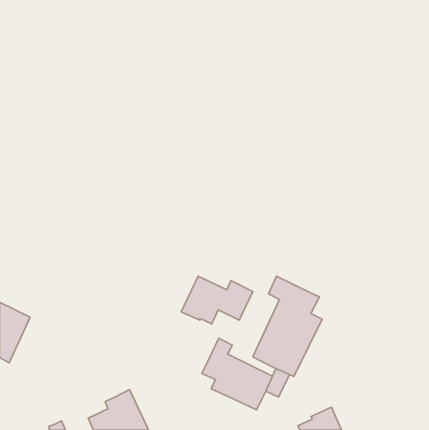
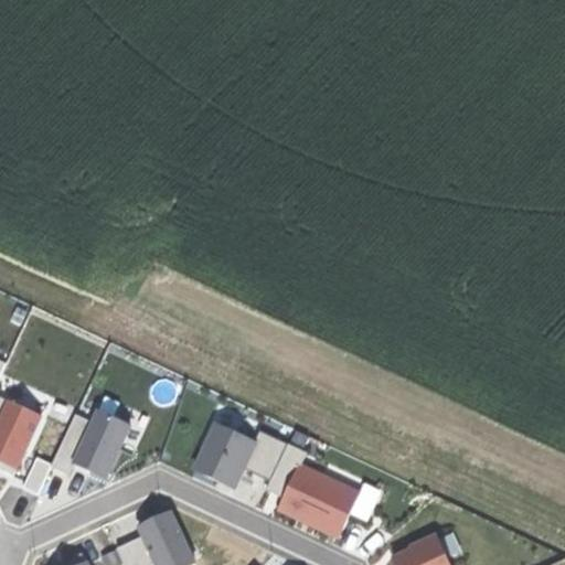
building: [253,276,322,377] -> none
building: [181,276,253,324] -> [193,424,287,487]
building: none -> [50,412,129,478]

